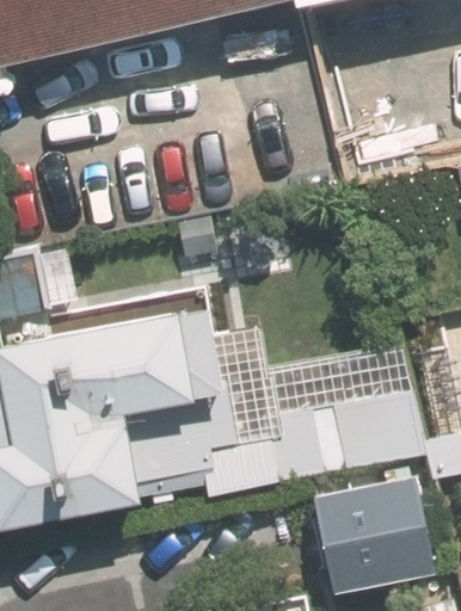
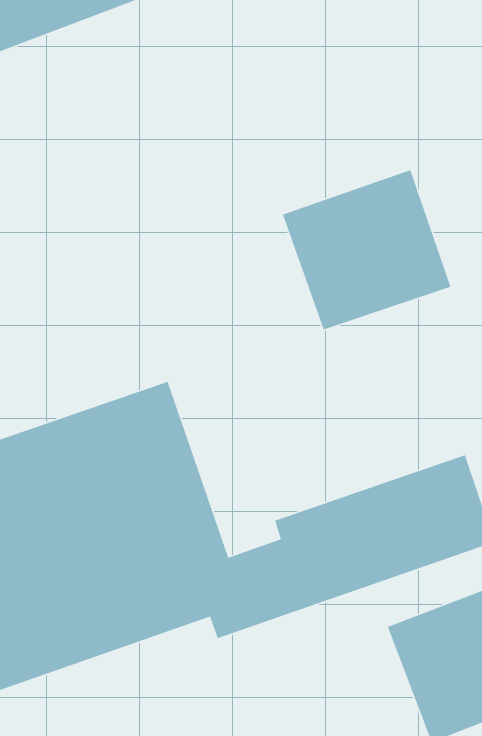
building: none -> [282,169,451,330]

